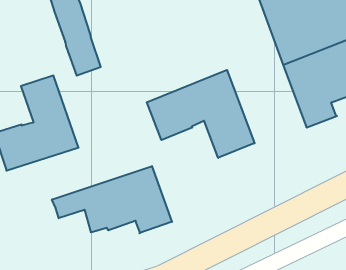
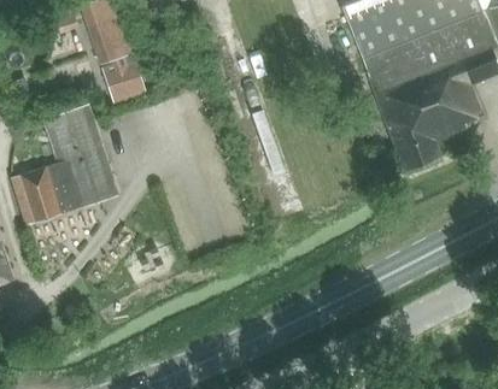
building: [147,70,255,158] -> none
building: [52,166,172,233] -> none

